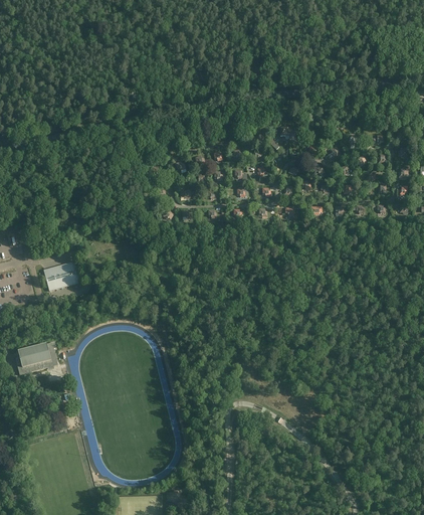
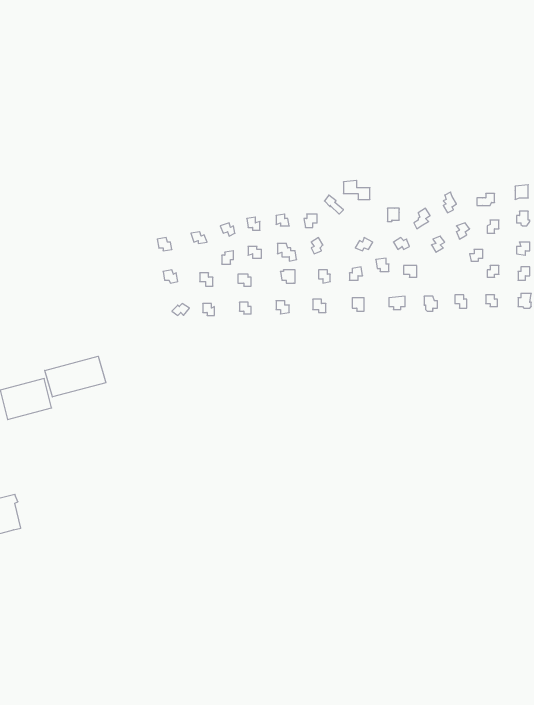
building: none -> [45,356,106,397]

